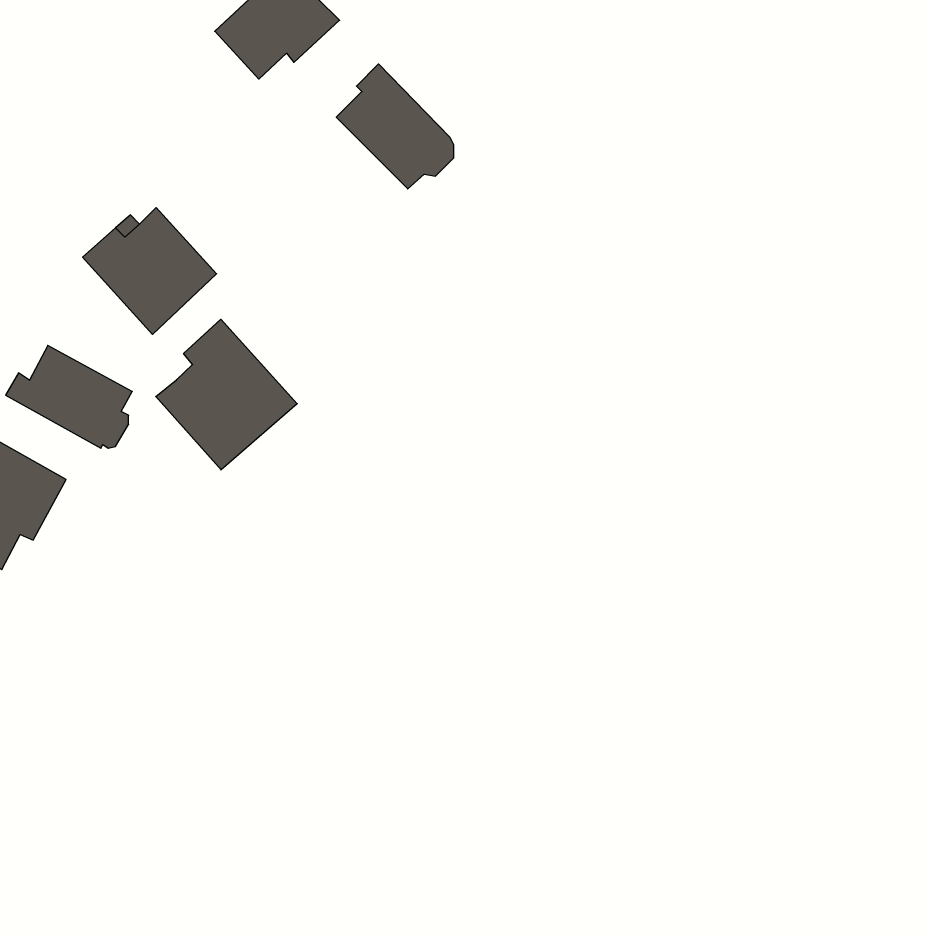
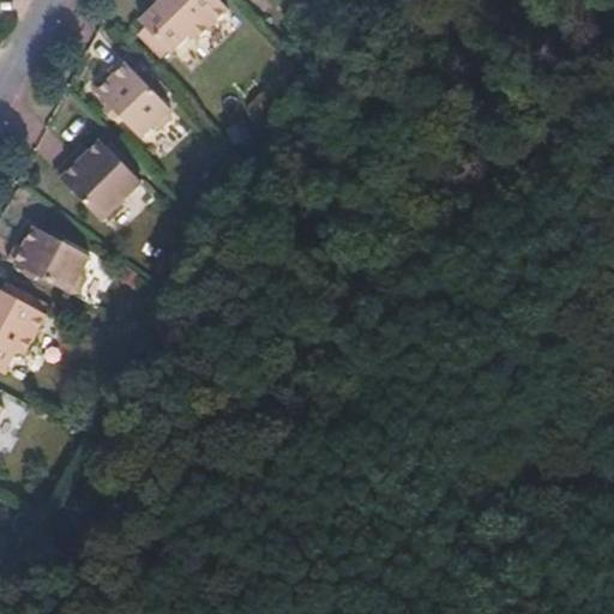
building: [336,64,454,189] -> [92,55,169,137]
building: [156,319,297,470] -> none

